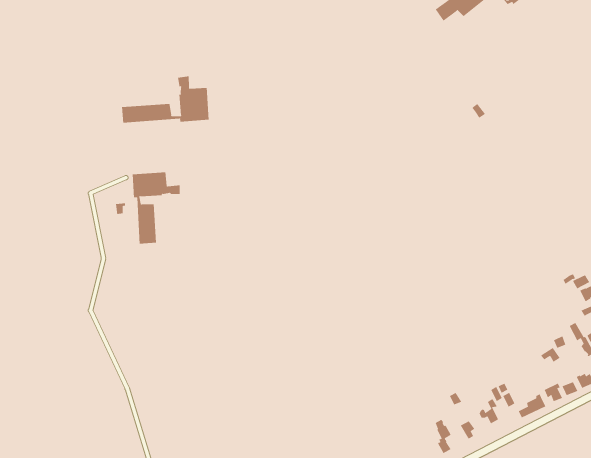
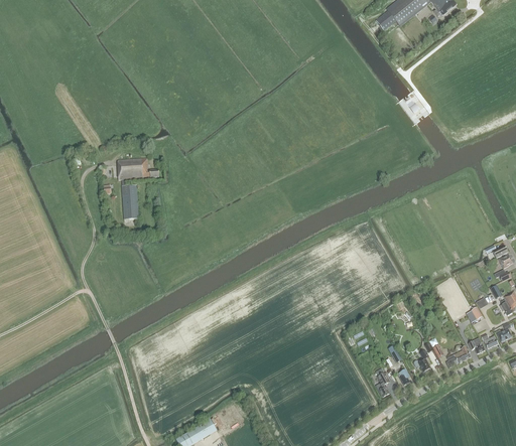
building: [122,76,209,124] -> none

